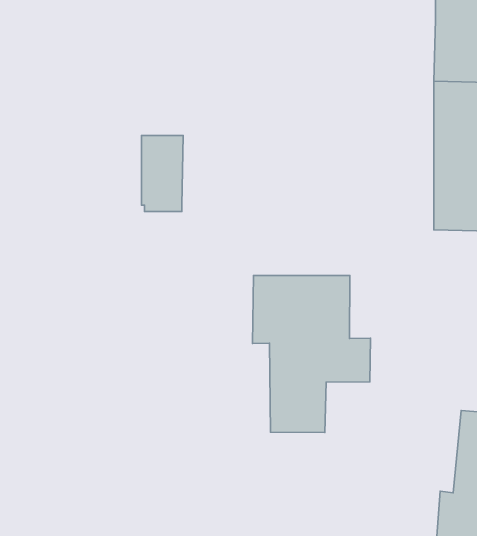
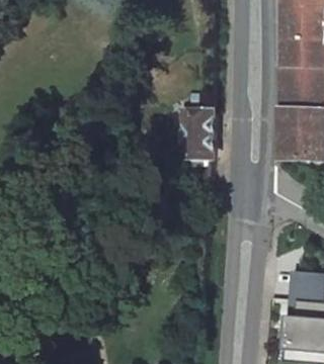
building: [141,136,183,212] -> [185,111,212,159]
building: [253,275,370,433] -> none

